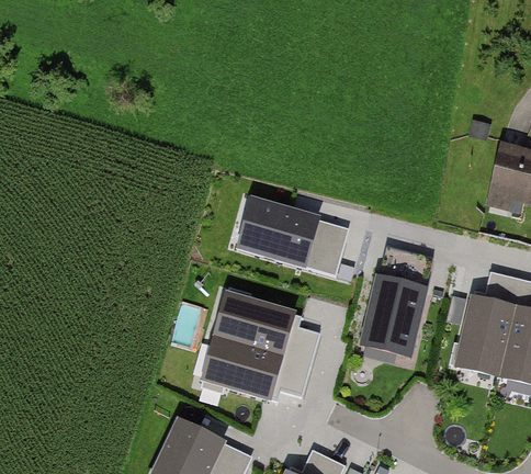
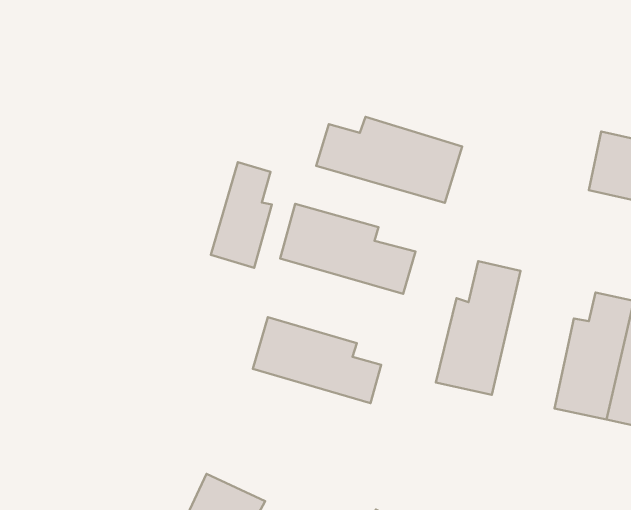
building: none -> [316,117,462,203]
building: none -> [211,162,272,268]
building: [202,335,309,397] -> none

